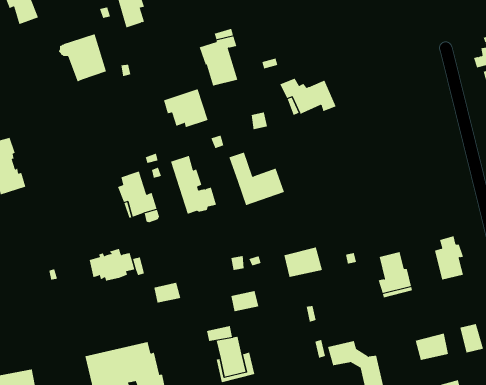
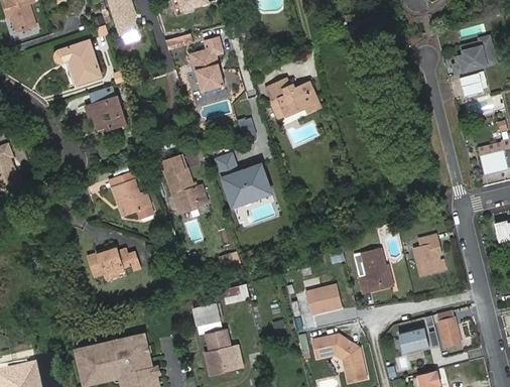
building: [163,89,209,128] -> [87,92,130,129]
building: [284,247,323,278] -> [304,282,342,311]
building: [154,282,181,303] -> [194,304,220,325]

